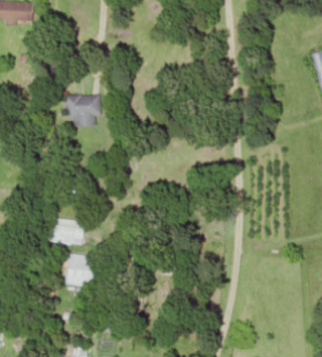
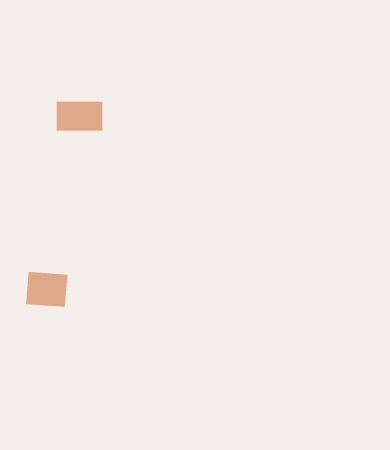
building: [68,256,96,287] -> none

